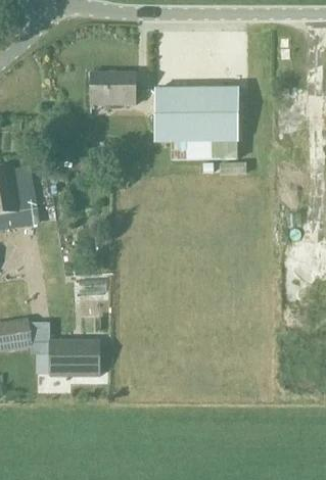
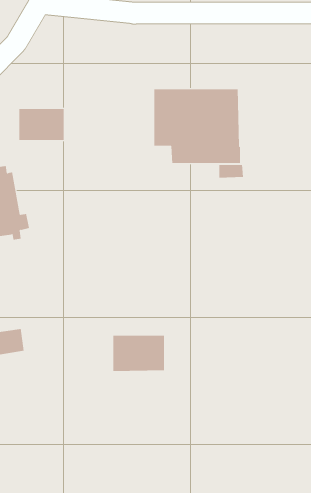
building: [91,73,135,103] -> [19,108,64,140]
building: [45,338,95,373] -> [113,335,165,372]

